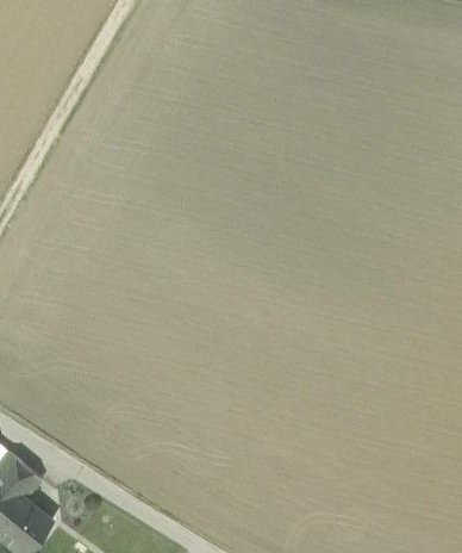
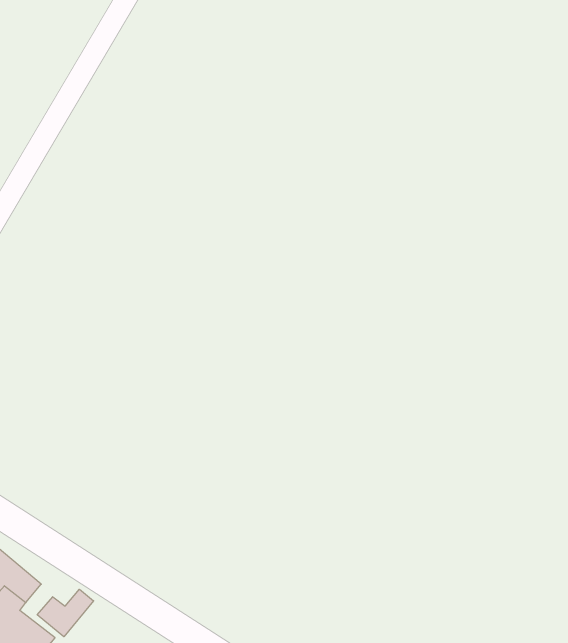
building: none -> [37,589,94,637]

